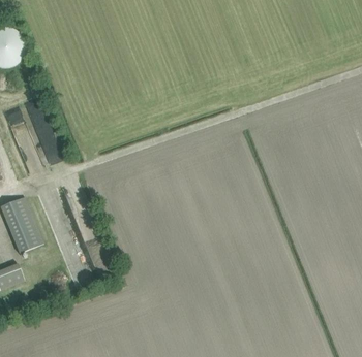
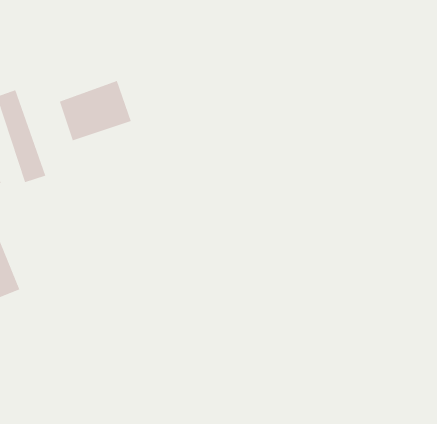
building: none -> [59,80,131,141]

